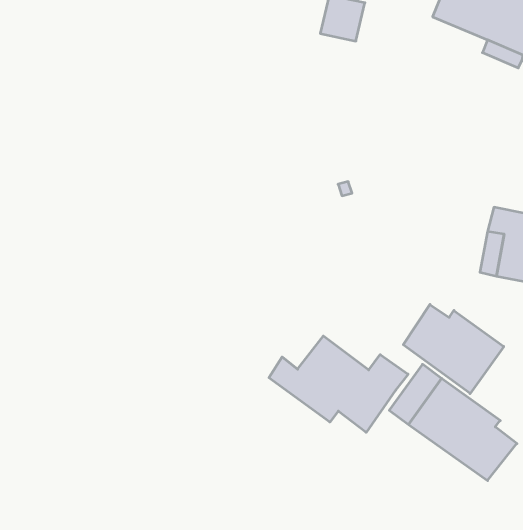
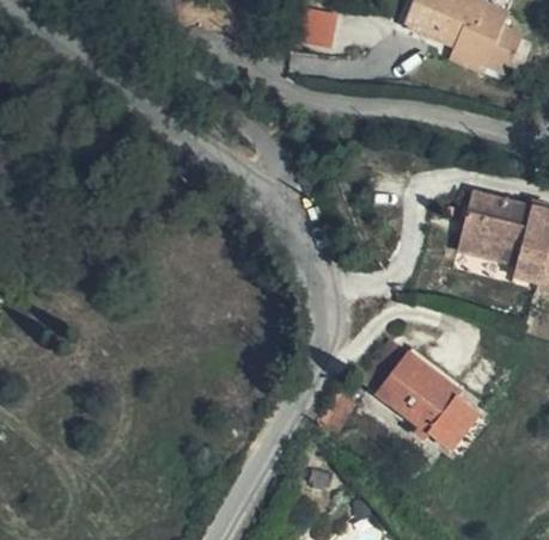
building: [403,304,504,394] -> none
building: [269,336,408,432] -> none

